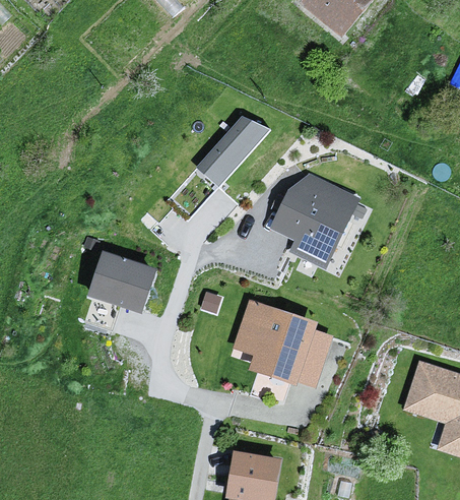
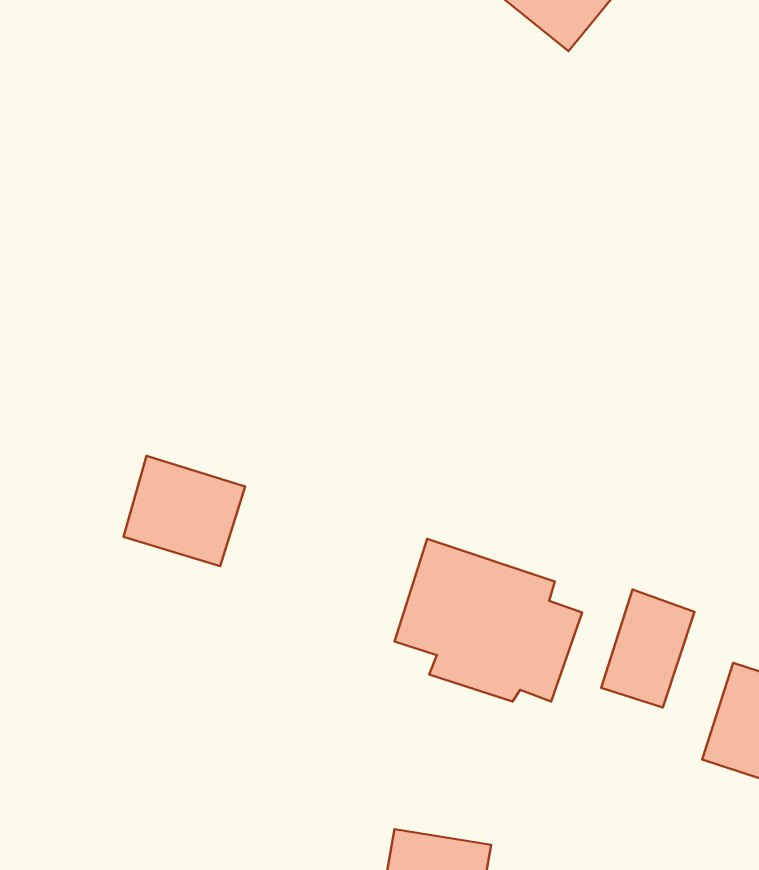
building: [199,117,267,182] -> none
building: [284,172,359,263] -> none
building: none -> [601,590,695,707]

